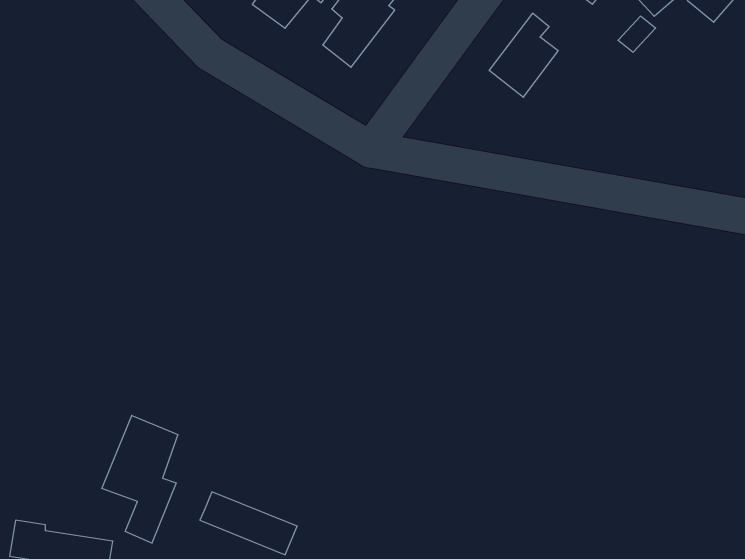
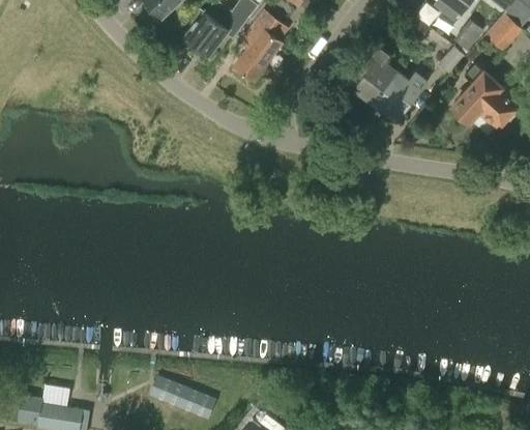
building: none -> [451,66,520,128]
building: none -> [373,71,426,122]
building: [102,415,178,543] -> none

